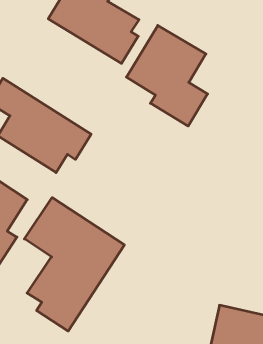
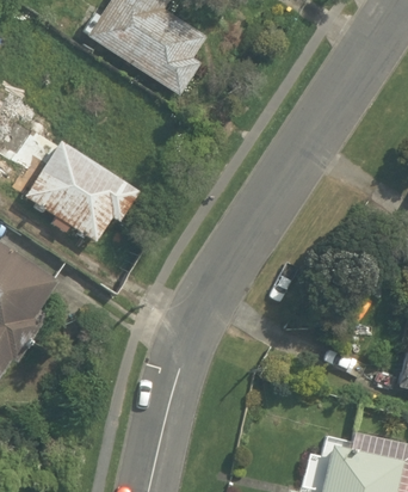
building: [126,25,208,126] -> none
building: [24,198,124,331] -> none

